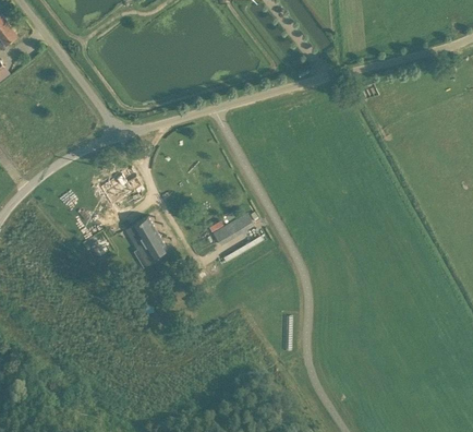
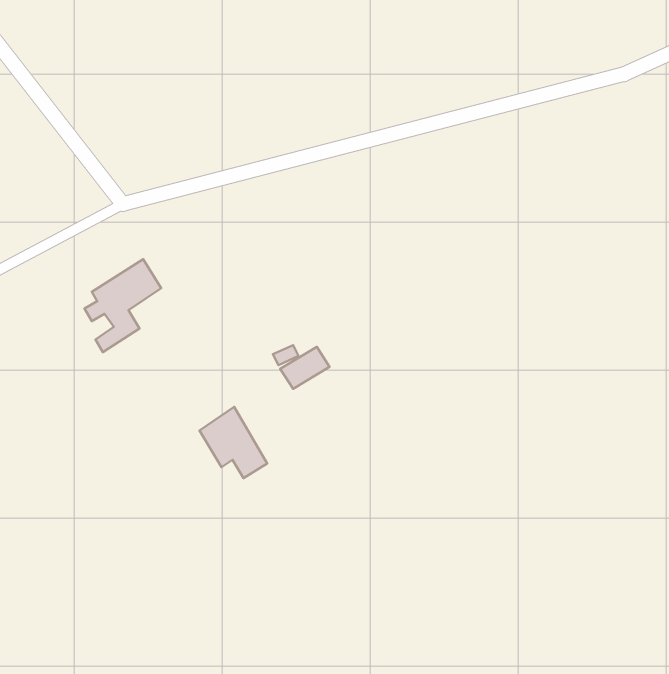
building: [126,216,167,259] -> [200,407,267,478]

